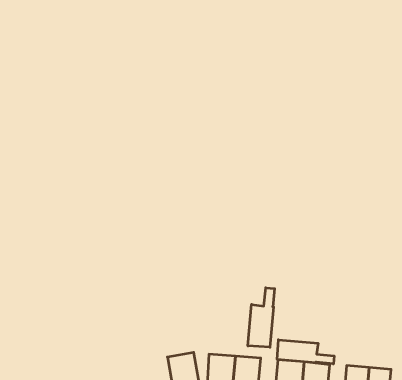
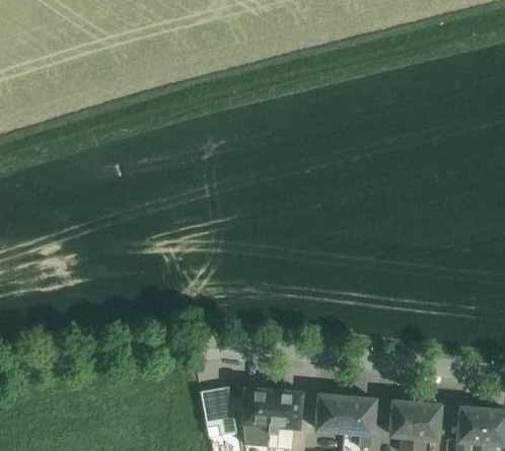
building: [248,288,275,347] -> none
building: [277,340,334,364] -> none

